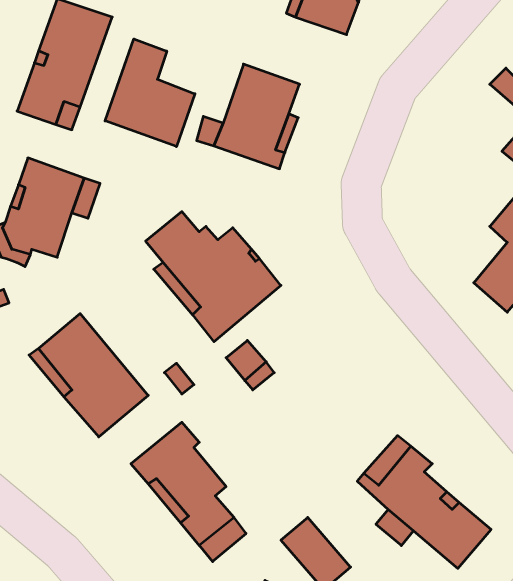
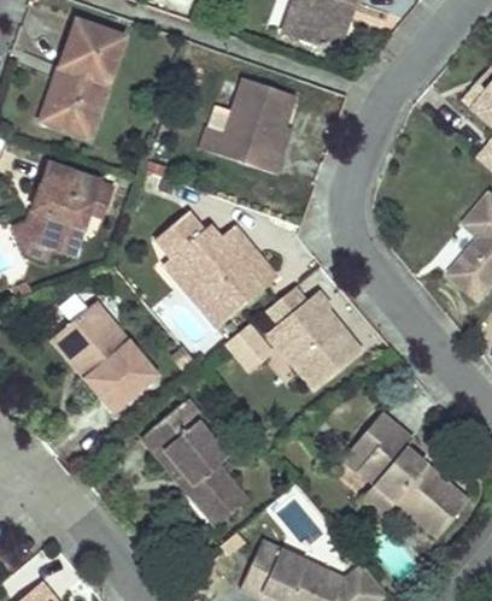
building: [105,39,195,147] -> none
building: none -> [265,287,363,390]

